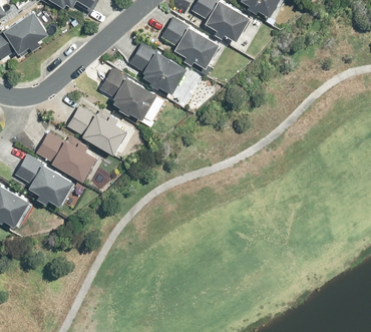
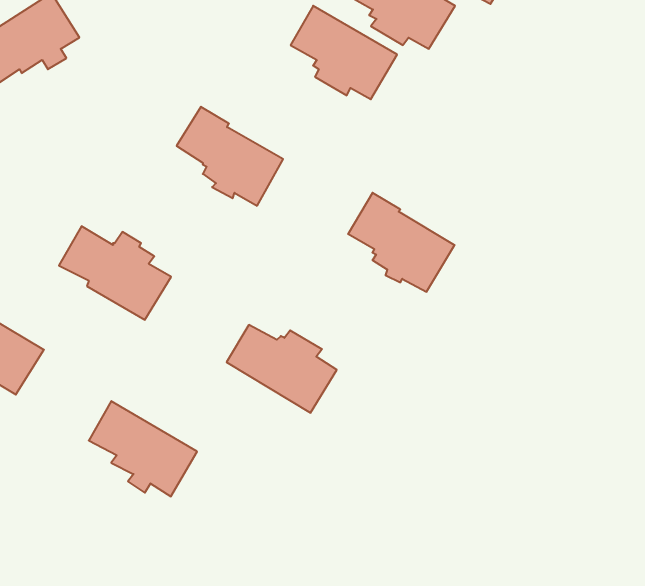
building: [130,45,188,98] -> [348,193,455,292]
building: [67,106,126,153] -> [227,325,337,413]
building: [15,154,73,206] -> [89,401,197,496]

